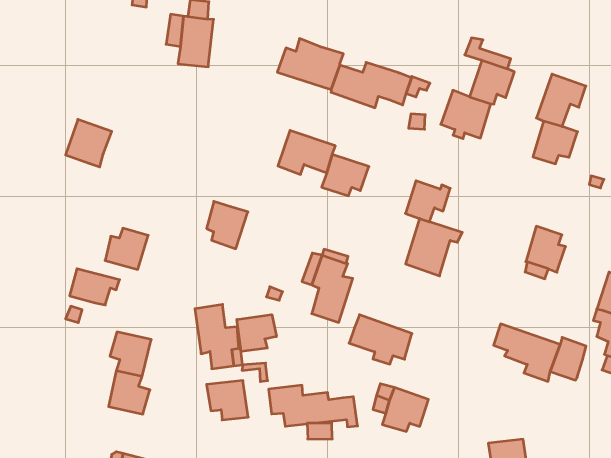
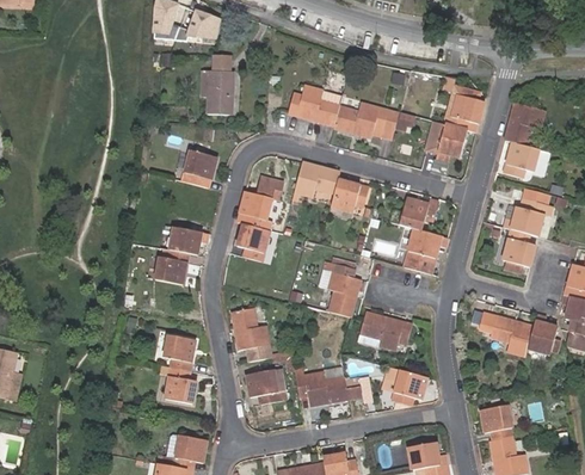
building: [66,119,112,167] -> [181,150,218,189]
building: none -> [238,177,285,227]
building: none -> [503,189,553,237]
building: [70,269,120,305] -> [168,227,209,255]
building: [237,315,276,352] -> none

